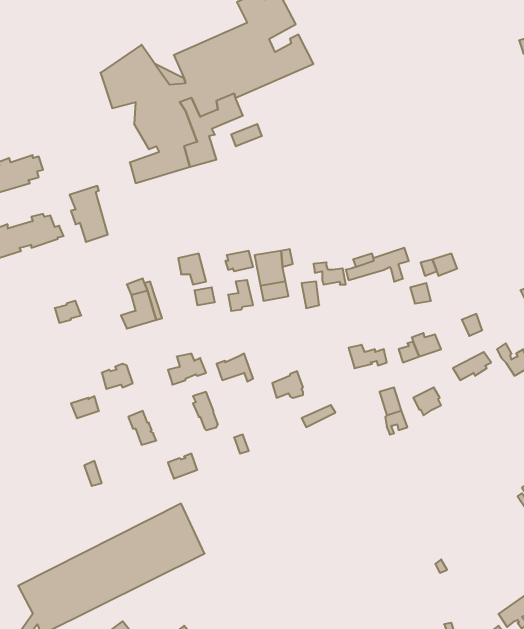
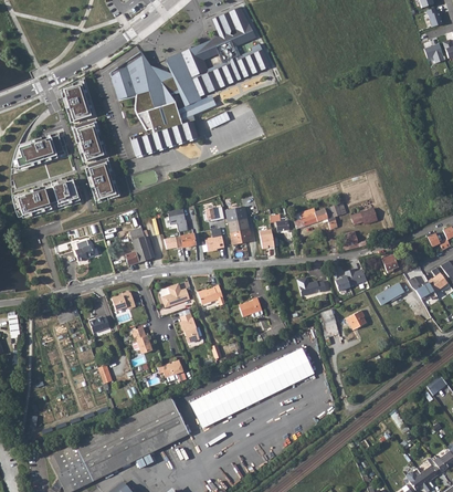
building: none -> [60,80,92,121]
building: none -> [75,119,104,160]
building: none -> [190,347,315,430]

